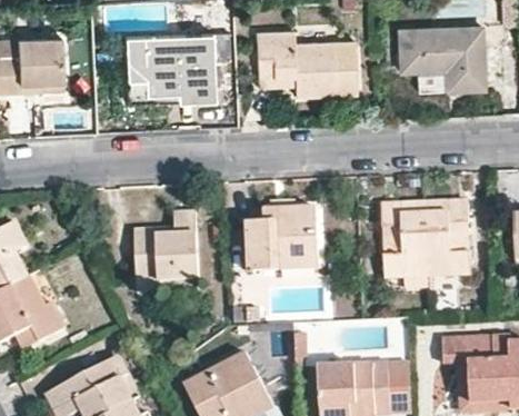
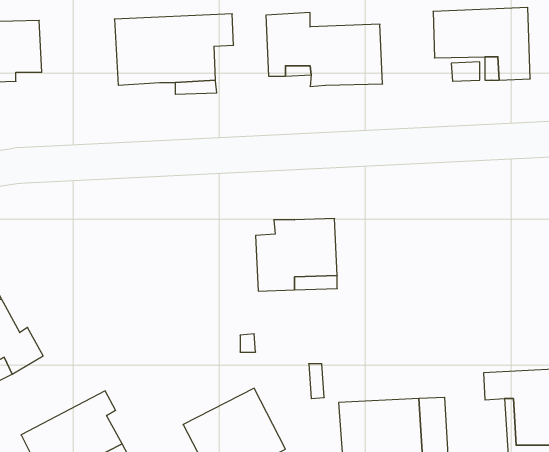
building: [381,201,470,278] -> none
building: [134,212,199,293] -> none

